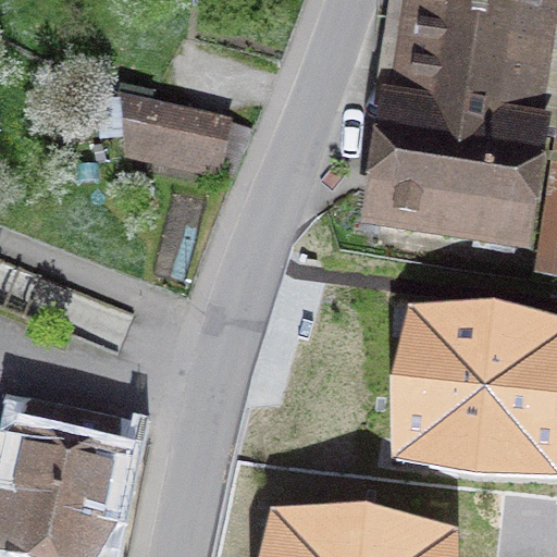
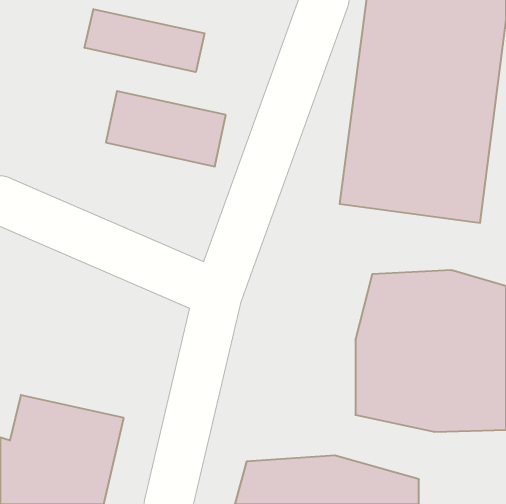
building: none -> [85,9,205,72]

